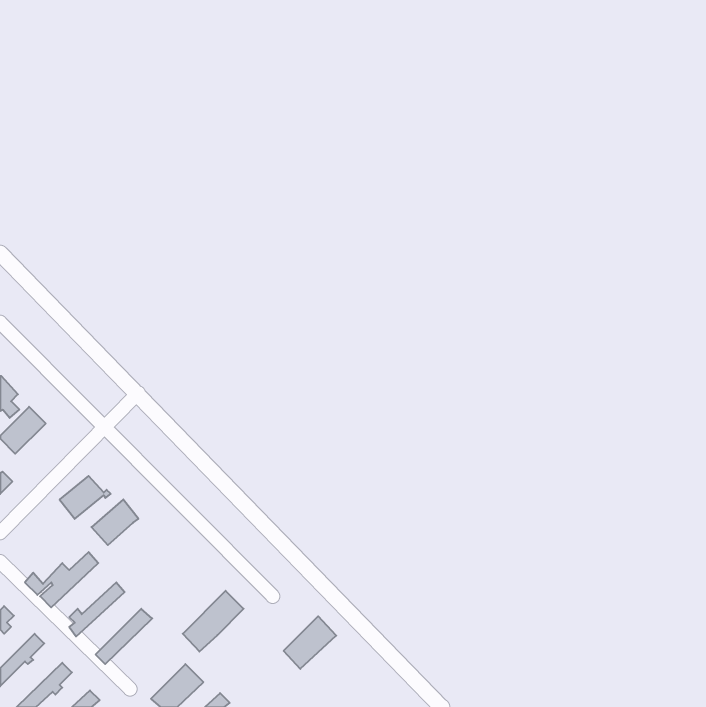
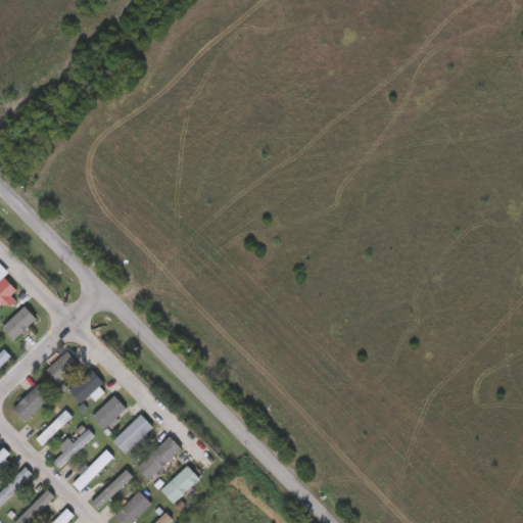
building: none -> [10,384,49,422]
building: none -> [91,395,125,430]
building: none -> [111,415,152,455]
building: [284,616,336,669] -> [160,465,199,504]
building: none -> [95,472,132,507]

